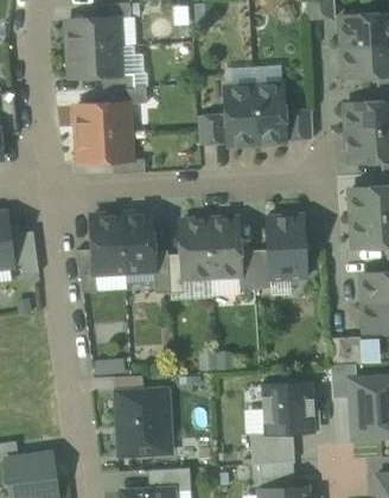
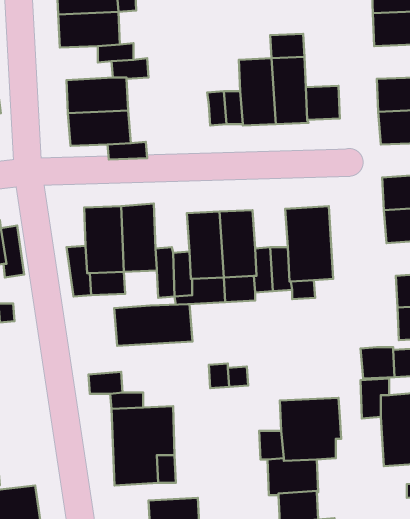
building: none -> [114,304,192,346]

